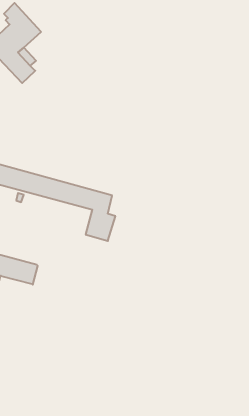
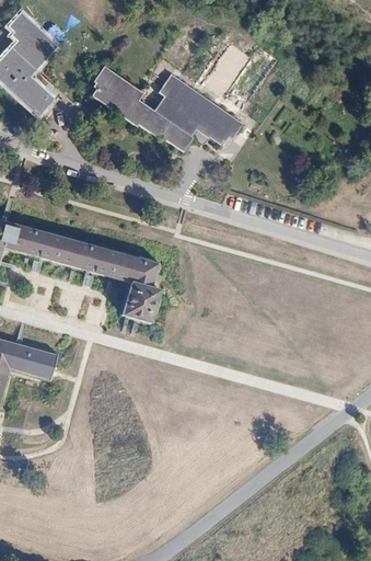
building: none -> [90,62,242,151]

